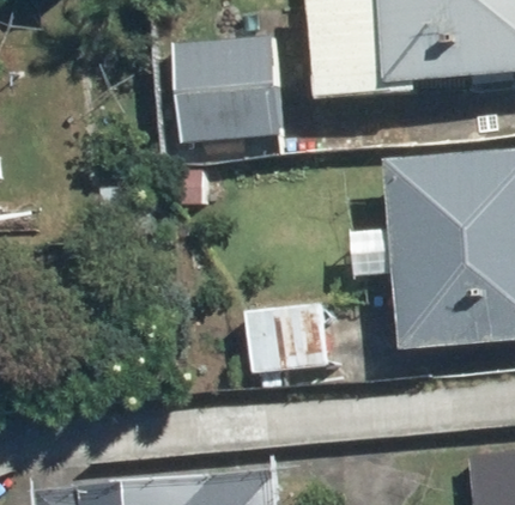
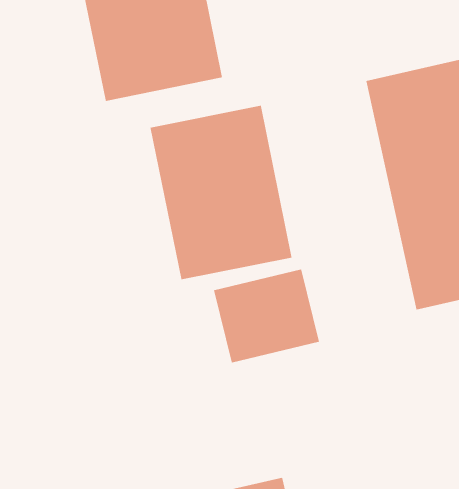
building: none -> [150,105,292,280]

